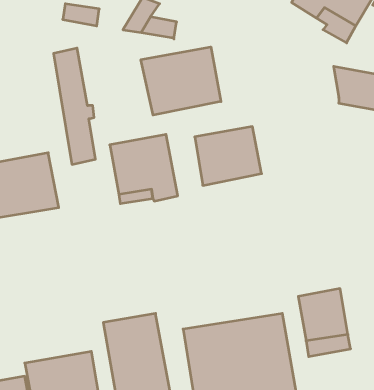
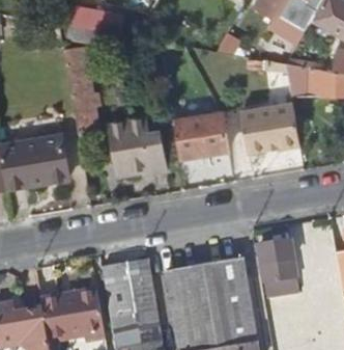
building: [141,47,221,115] -> none
building: none -> [245,102,298,152]

